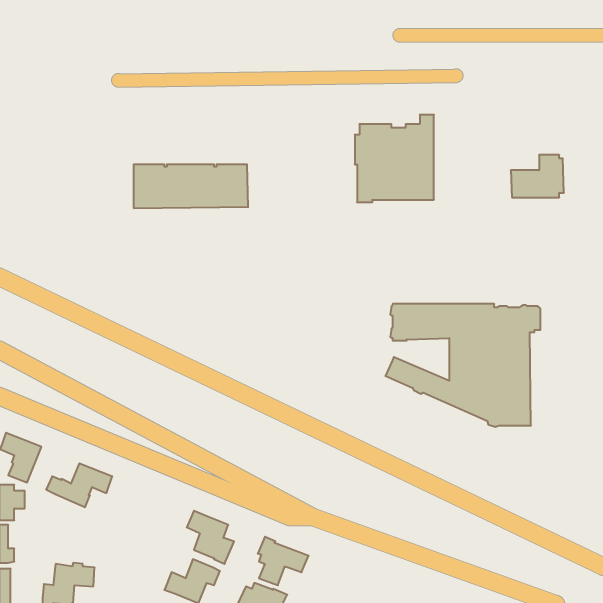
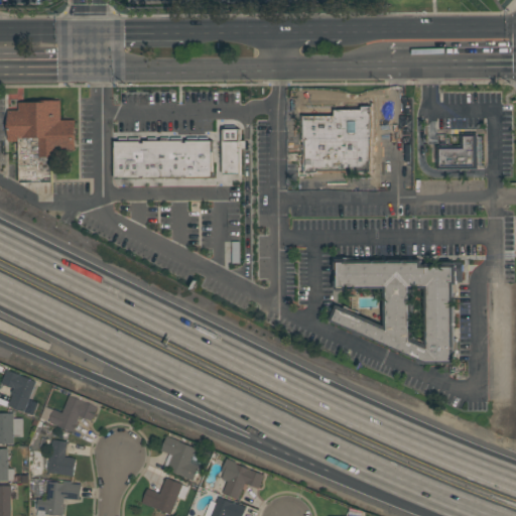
building: none -> [6,101,74,182]
building: none -> [221,129,245,174]
building: none -> [45,439,76,477]

